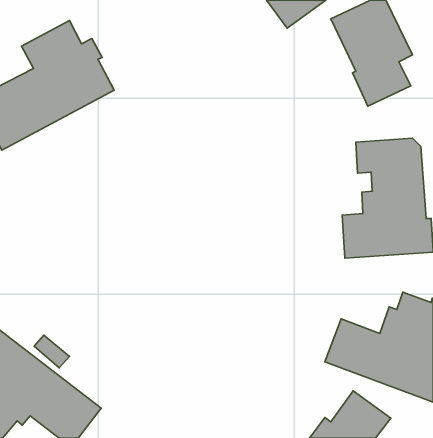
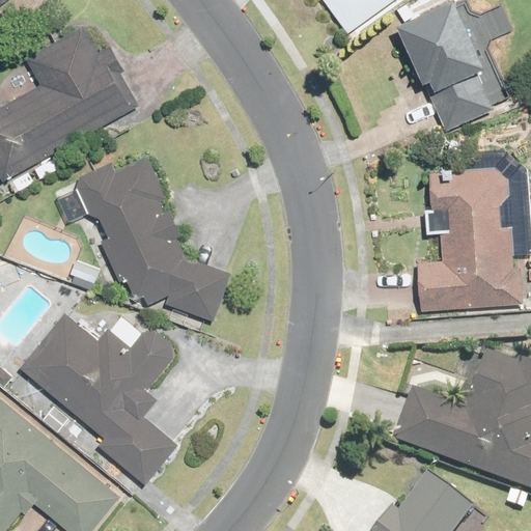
building: none -> [78,153,231,320]
building: none -> [15,307,178,486]

